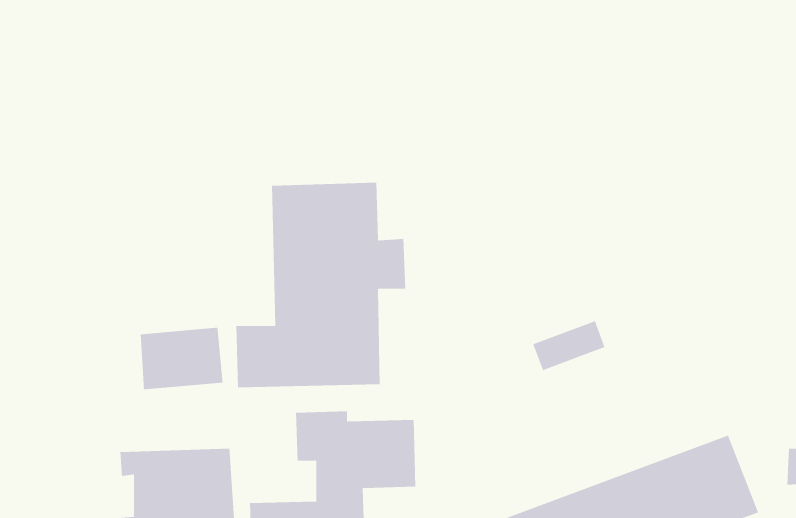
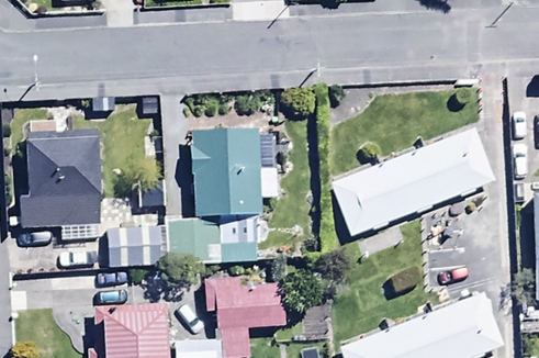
building: none -> [333,128,493,236]
building: none -> [22,138,100,225]

